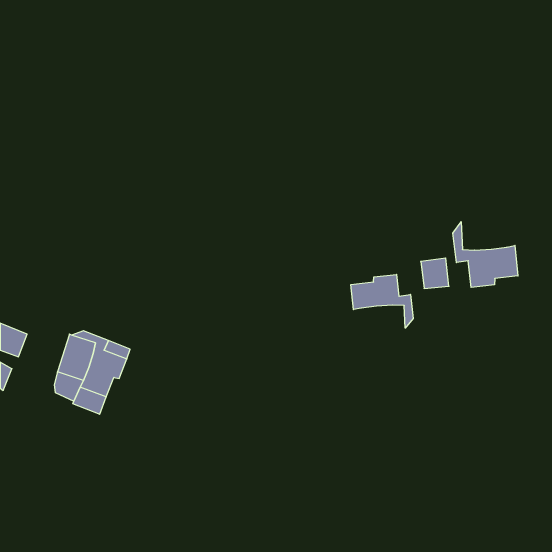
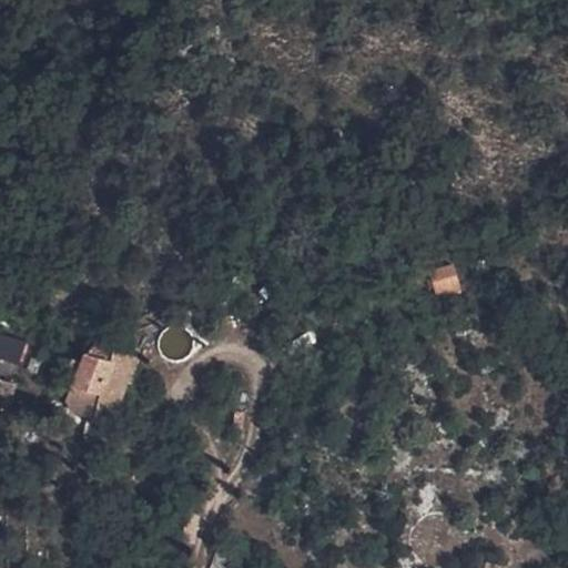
building: [453,222,518,287] -> none
building: [351,274,413,328] -> none

